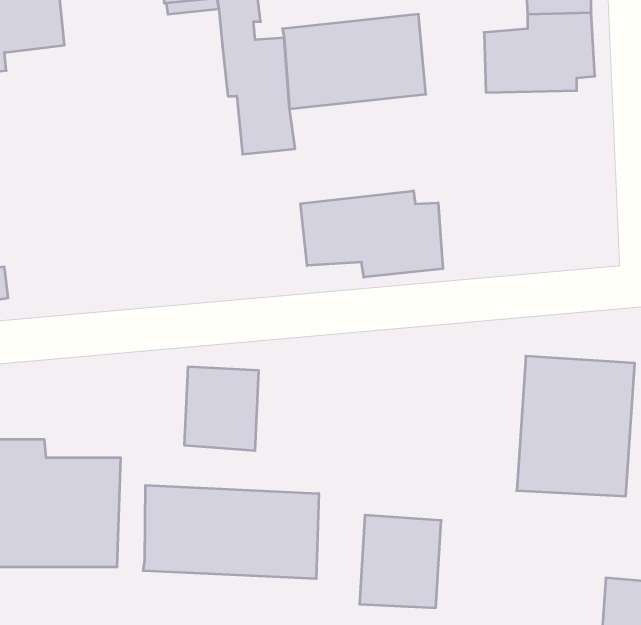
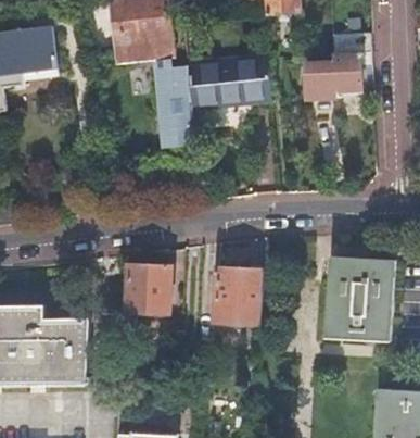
building: [301,191,443,277] -> none
building: [143,485,319,579] -> none
building: [359,515,441,608] -> [215,267,264,323]

